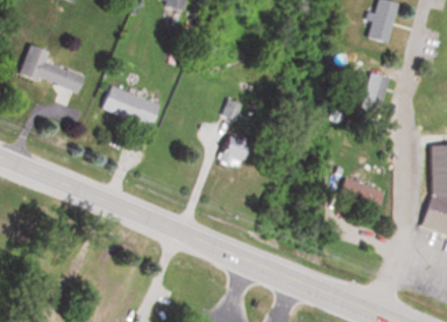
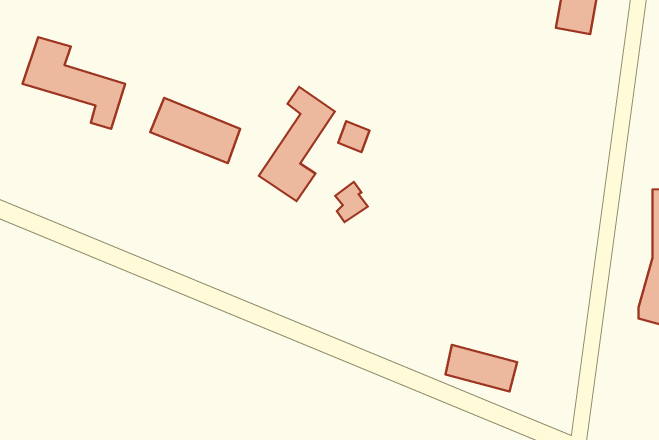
building: [359,71,388,116] -> none
building: none -> [259,87,335,201]
building: [339,179,386,209] -> [446,345,517,392]

